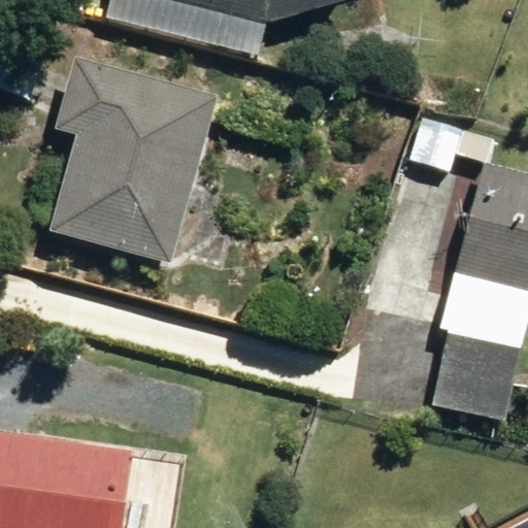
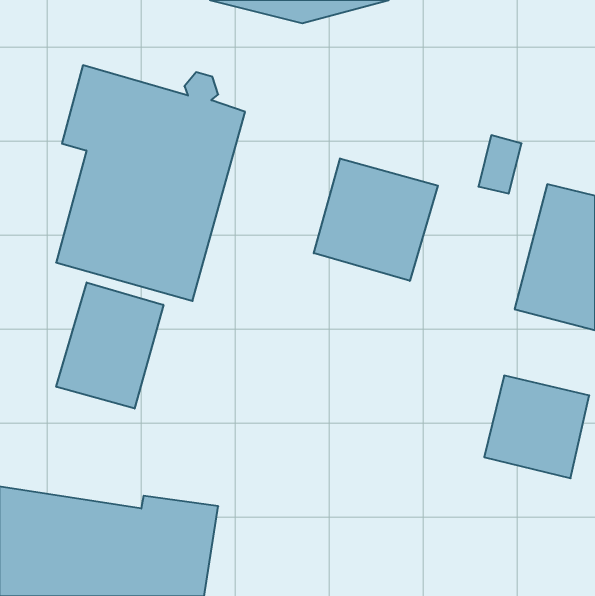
building: none -> [314,158,438,281]
building: none -> [56,282,163,409]

